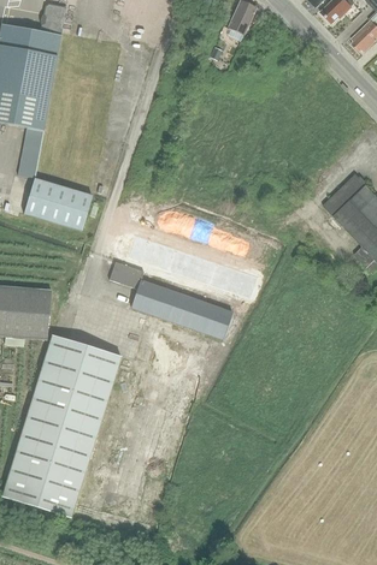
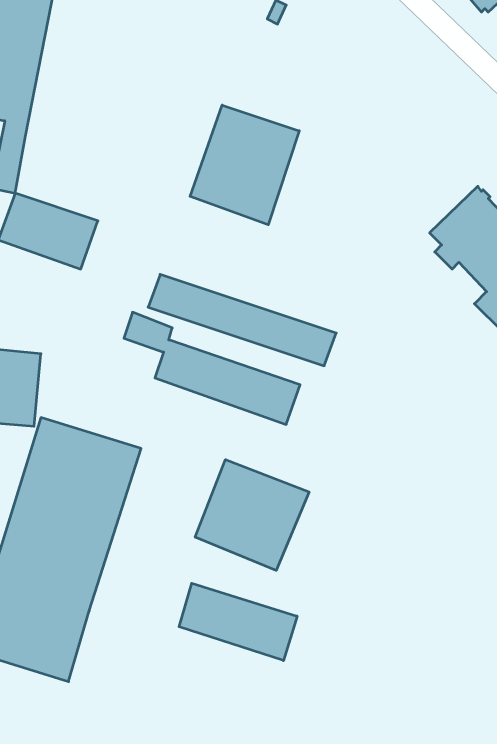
building: none -> [190,105,299,225]
building: none -> [195,460,309,570]
building: none -> [179,583,297,661]

